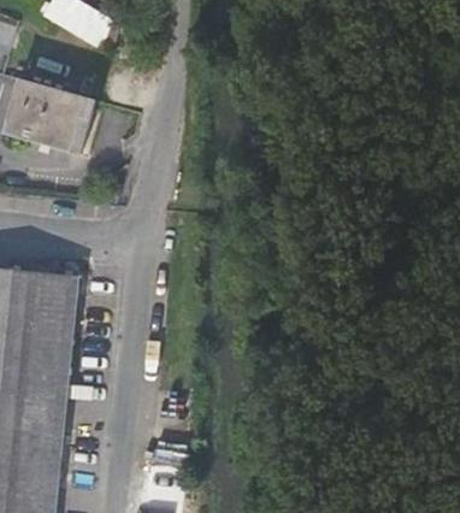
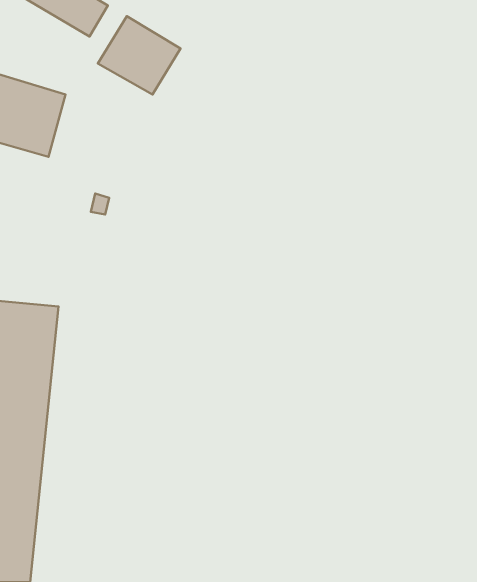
building: none -> [98,16,181,95]

